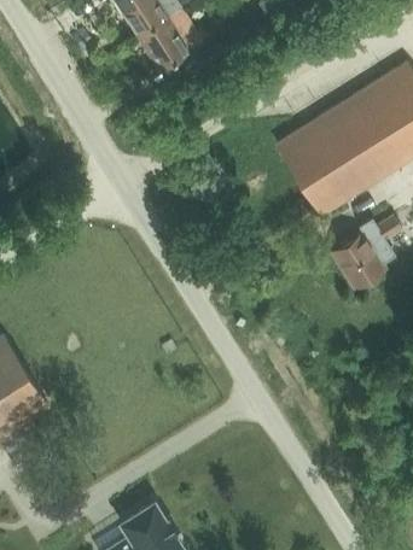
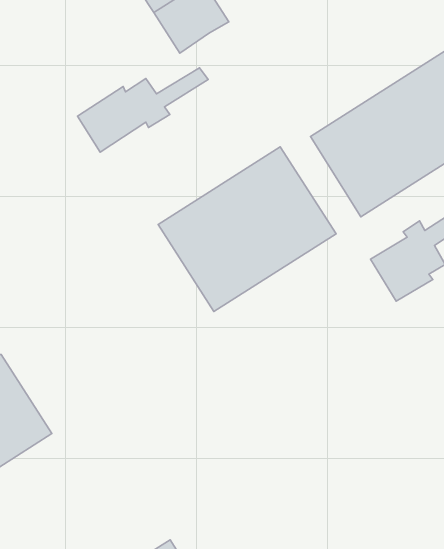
building: none -> [77,68,208,152]
building: none -> [158,147,336,311]

